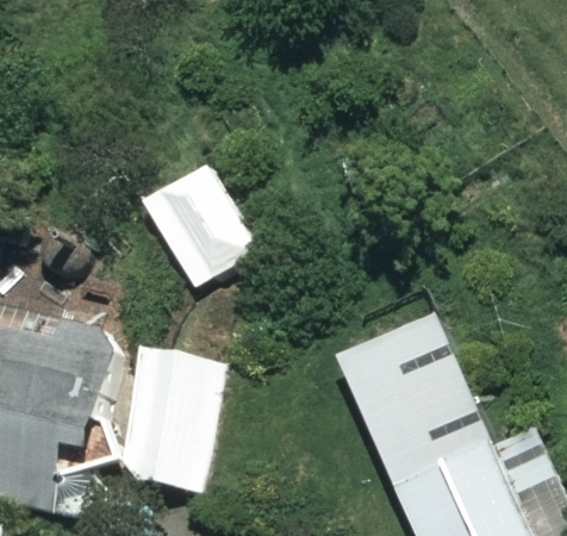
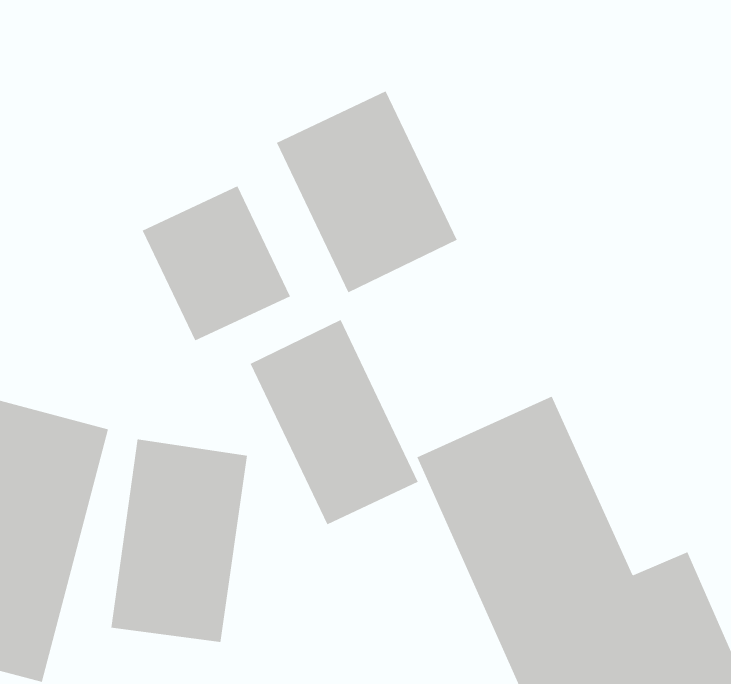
building: none -> [276,91,457,293]
building: none -> [250,319,419,525]

